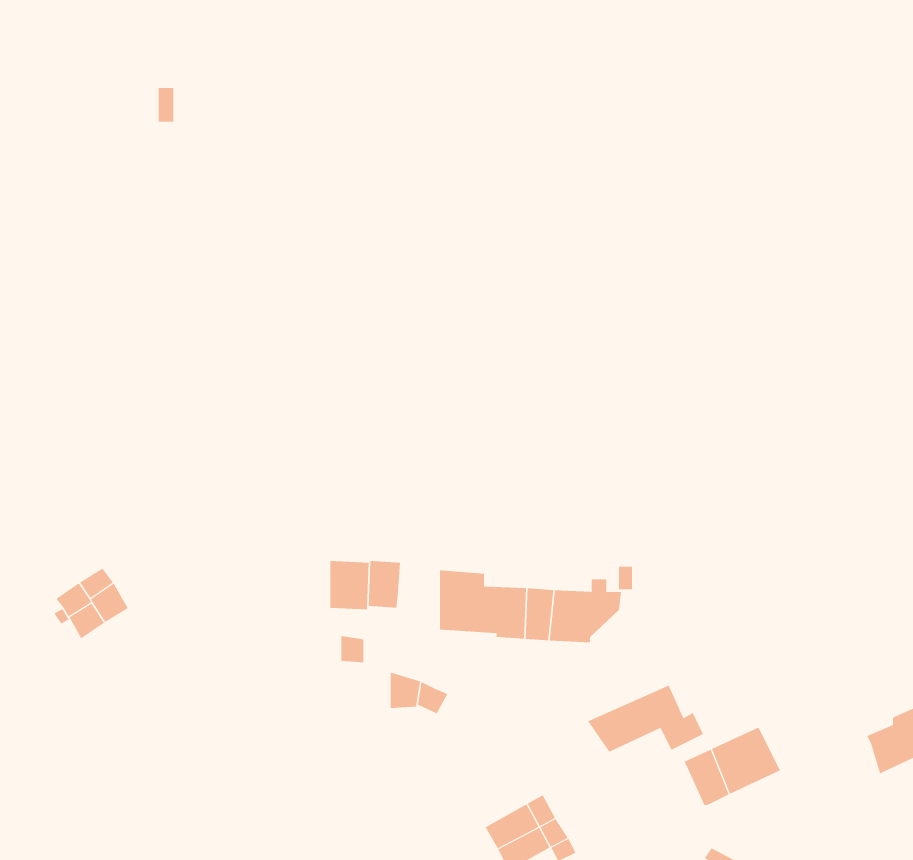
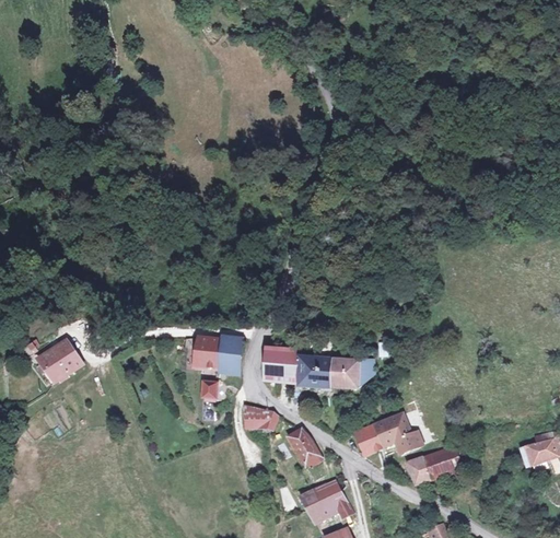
building: none -> [279,431,318,470]

